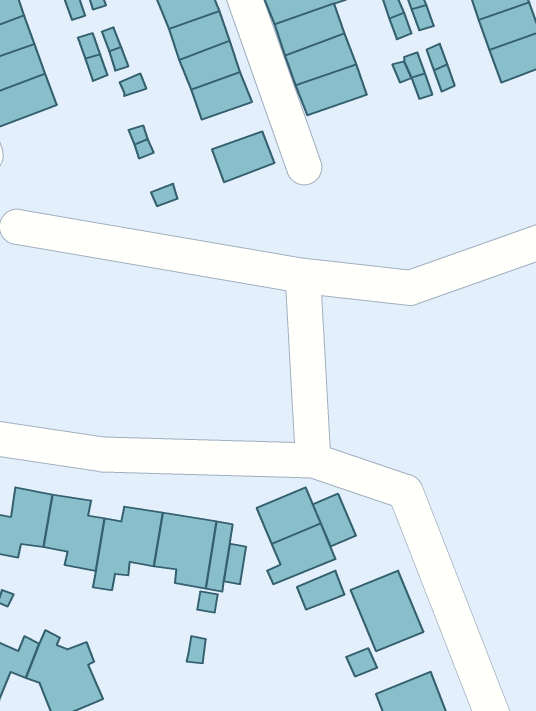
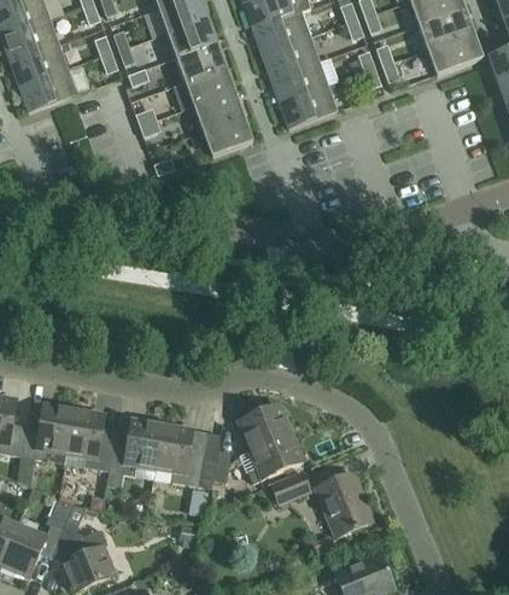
building: none -> [279,83,337,127]
building: none -> [193,89,242,128]
building: [313,494,356,547] -> none

